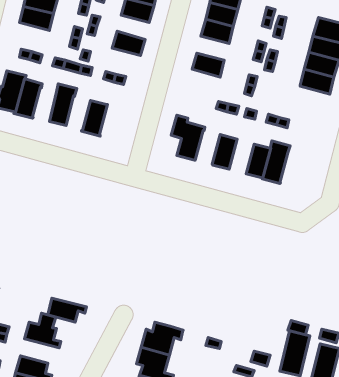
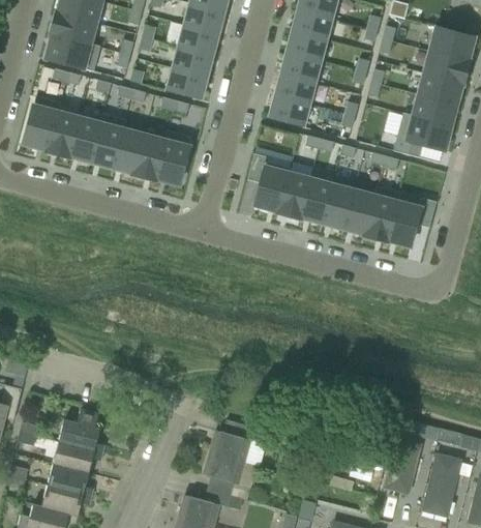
building: none -> [178,25,219,56]
building: none -> [46,34,100,71]
building: none -> [280,52,322,83]
building: none -> [167,67,208,99]
building: none -> [268,94,310,127]
building: none -> [393,113,451,157]
building: none -> [69,117,100,162]
building: none -> [113,128,144,173]
building: none -> [155,130,192,184]
building: none -> [277,173,310,218]
building: none -> [322,184,354,229]
building: none -> [387,198,435,246]
building: [48,298,86,322] -> [54,441,103,472]

